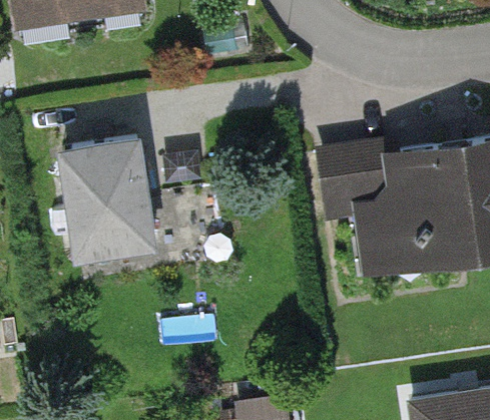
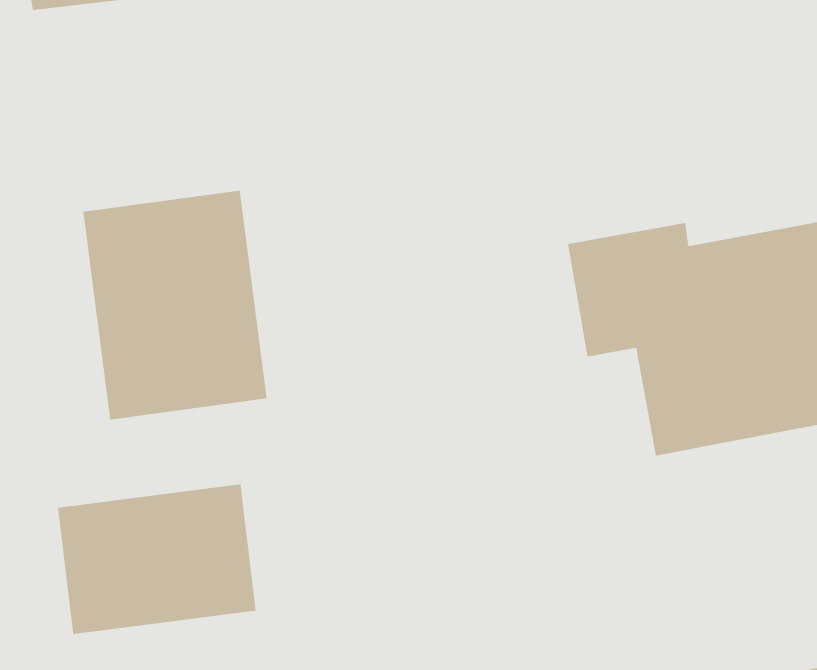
building: none -> [57,483,256,635]

